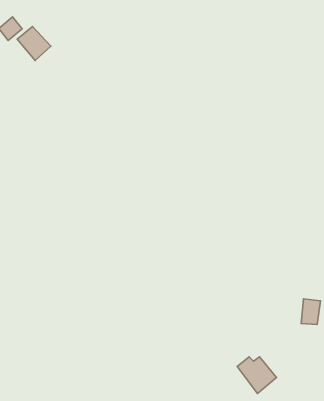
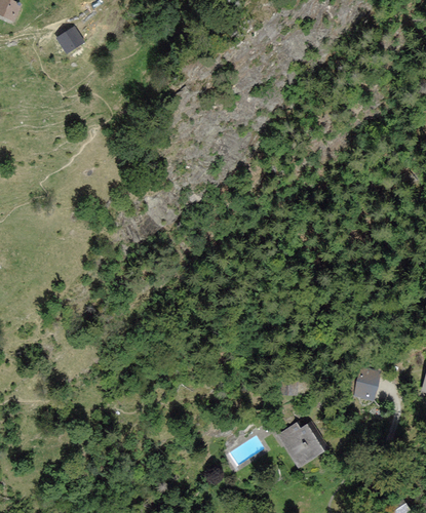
building: [17,27,51,61] -> none

